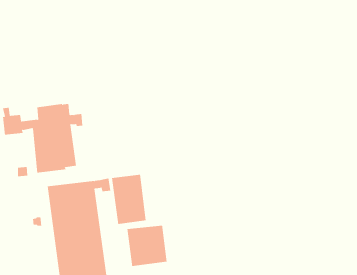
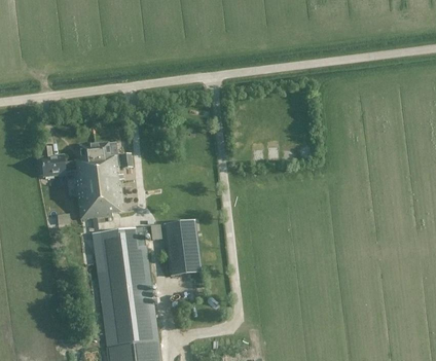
building: [127,225,167,267] -> none

